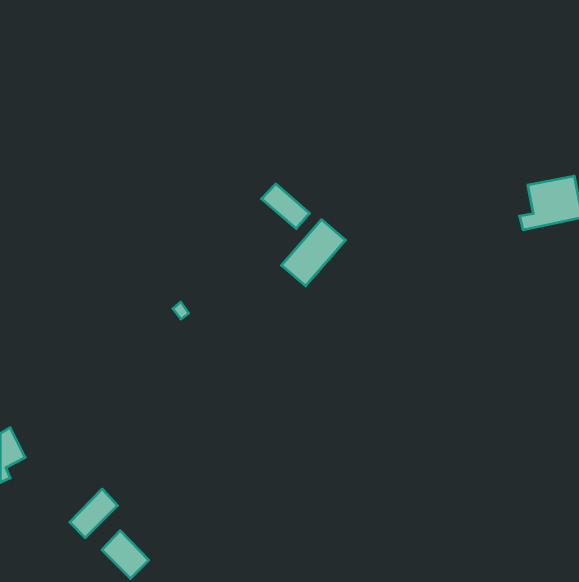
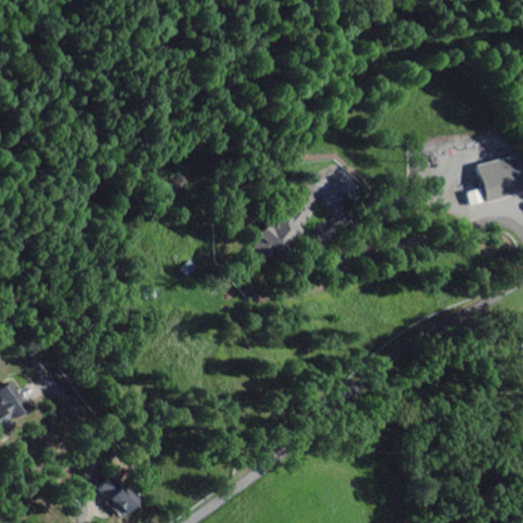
building: [261,184,310,229] -> none
building: [70,489,118,538] -> none

